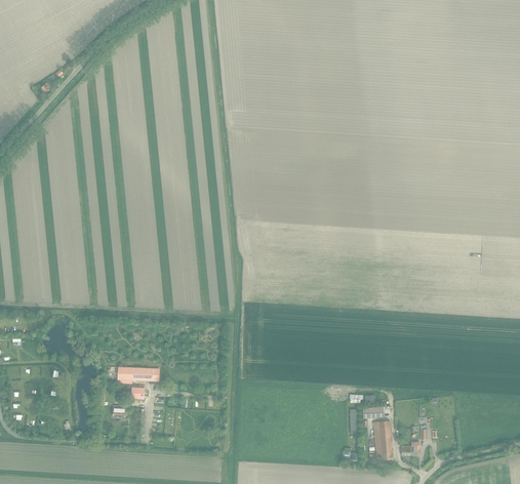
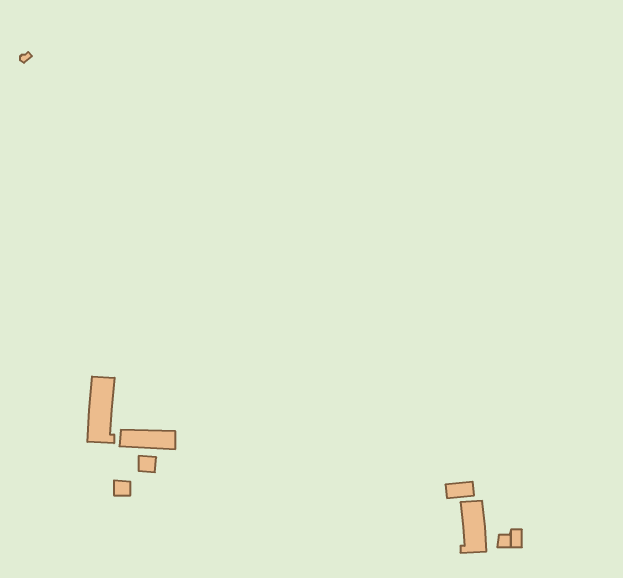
building: none -> [87,376,115,443]

